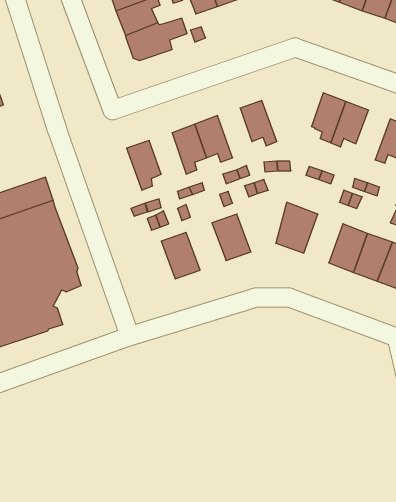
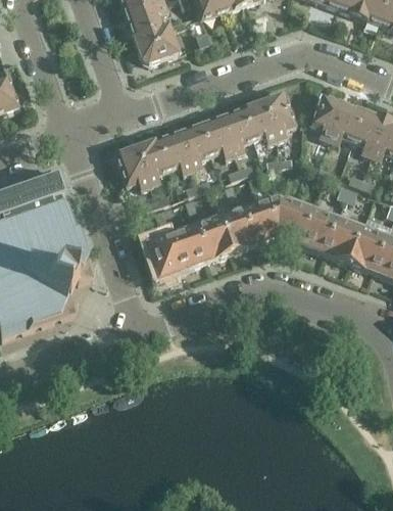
building: none -> [262,92,295,139]
building: none -> [220,107,258,155]
building: none -> [351,109,384,156]
building: none -> [156,131,191,174]
building: none -> [114,145,149,188]
building: none -> [239,197,285,243]
building: none -> [302,207,339,253]
building: none -> [191,216,229,261]
building: none -> [146,233,181,277]

